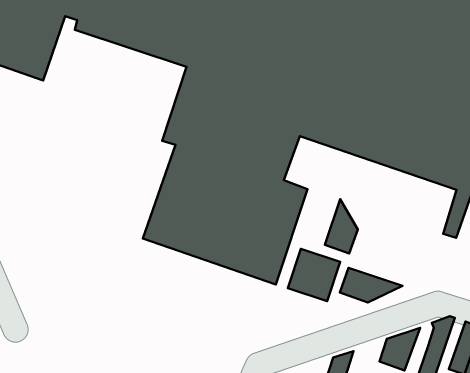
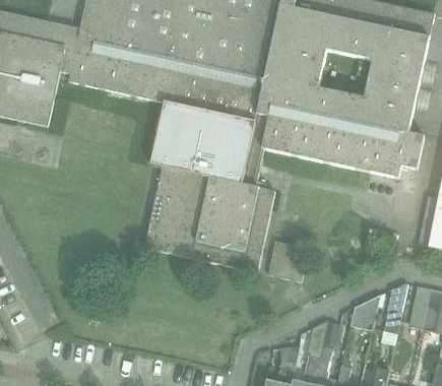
building: [325,199,358,253] -> none
building: [340,268,402,303] -> none

